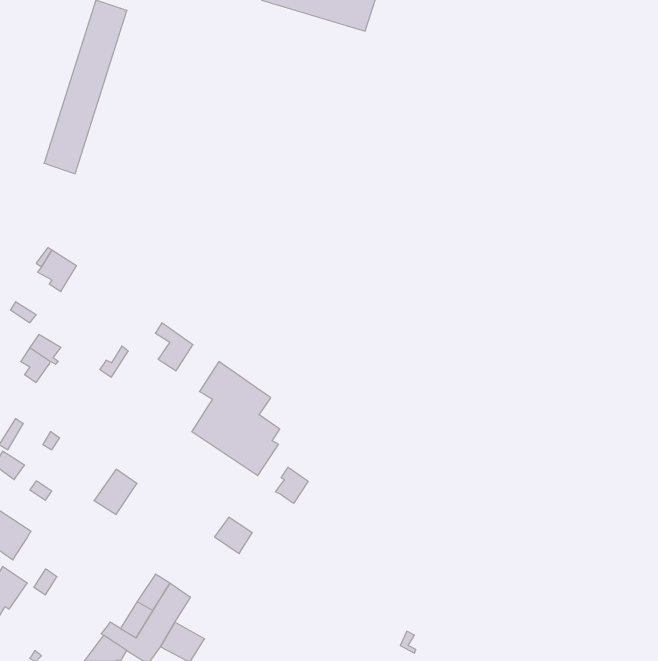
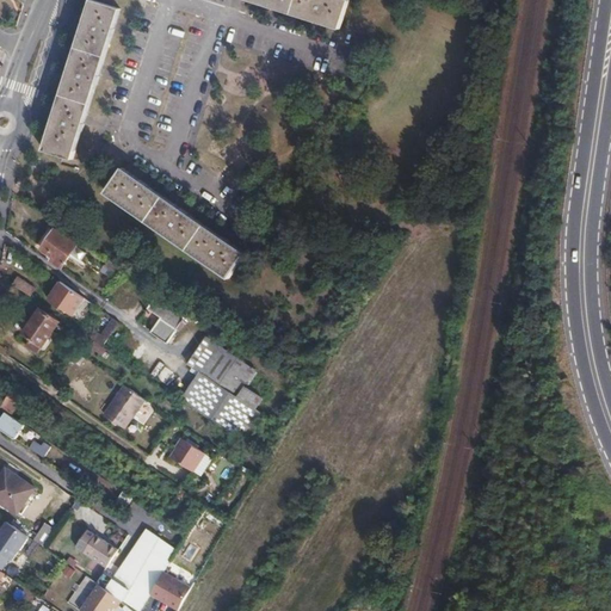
building: none -> [104,169,242,278]
building: none -> [45,282,82,316]
building: [276,467,308,503] -> none
building: [94,469,137,515] -> [104,384,143,426]
building: [215,517,252,554] -> [171,437,205,470]
building: none -> [73,532,116,568]

